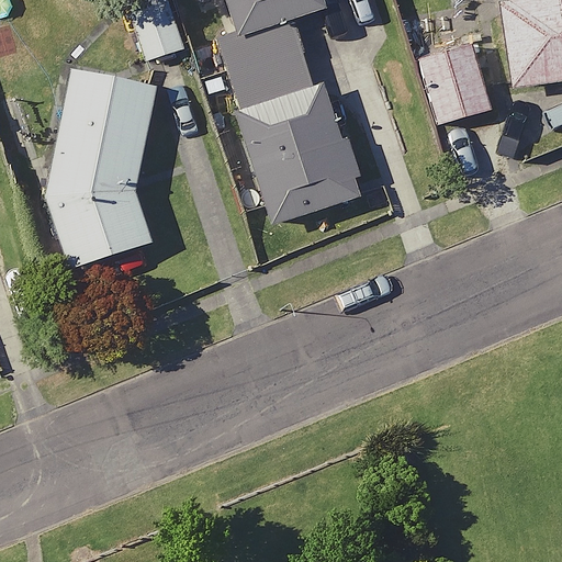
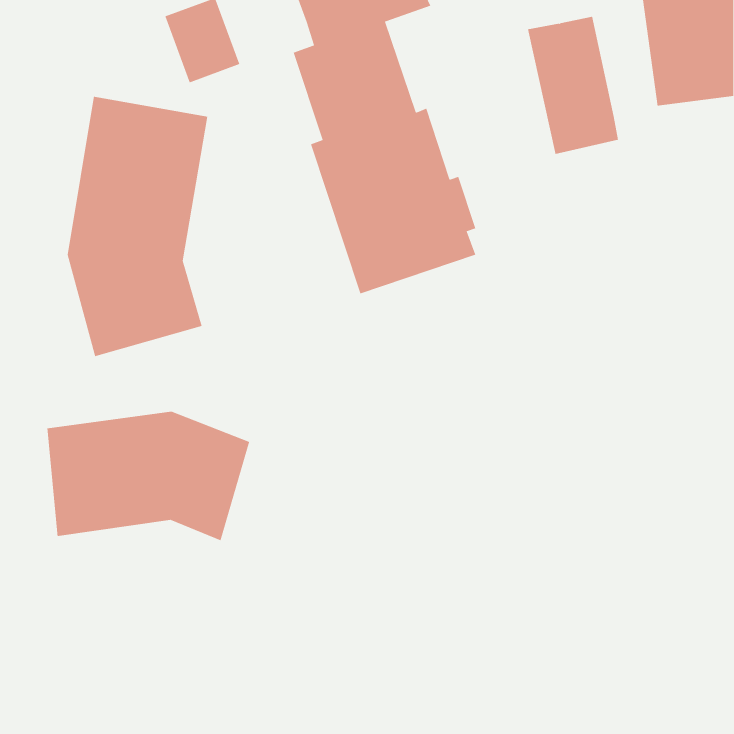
building: none -> [47,411,250,541]

